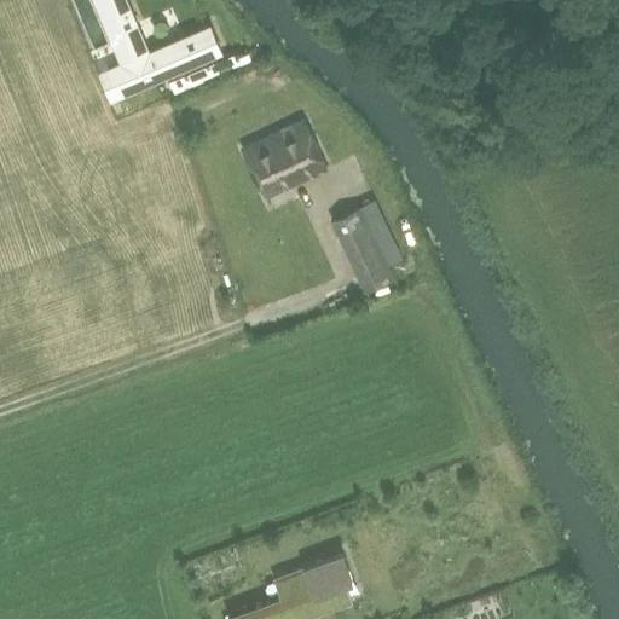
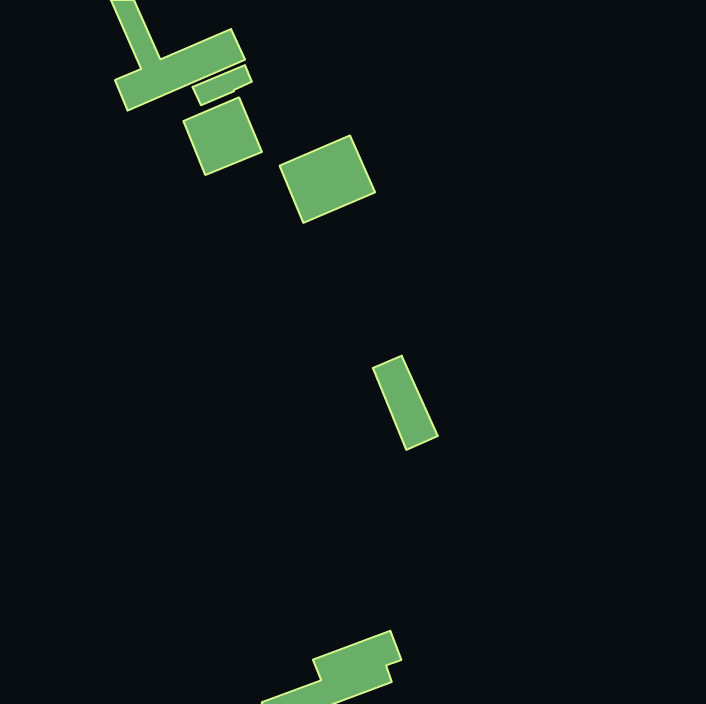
building: none -> [183,97,262,175]
building: [336,208,393,290] -> [373,356,438,450]

